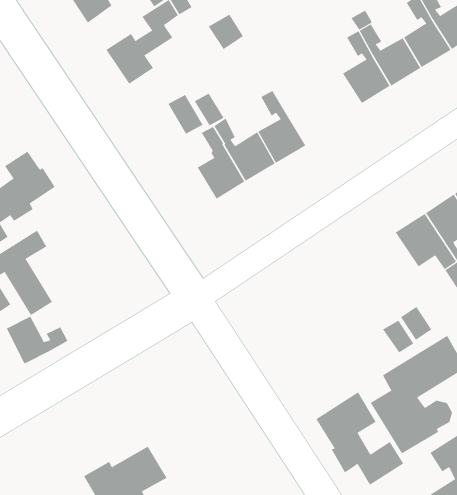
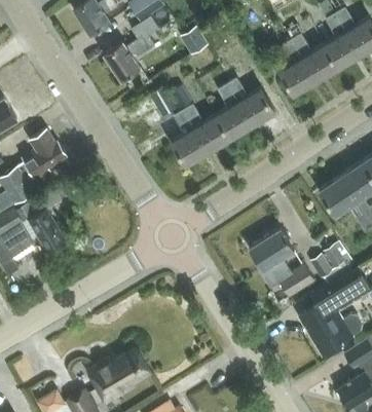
building: none -> [228,79,274,125]
building: [6,316,68,364] -> none
building: [316,391,404,486] -> [249,228,314,298]

